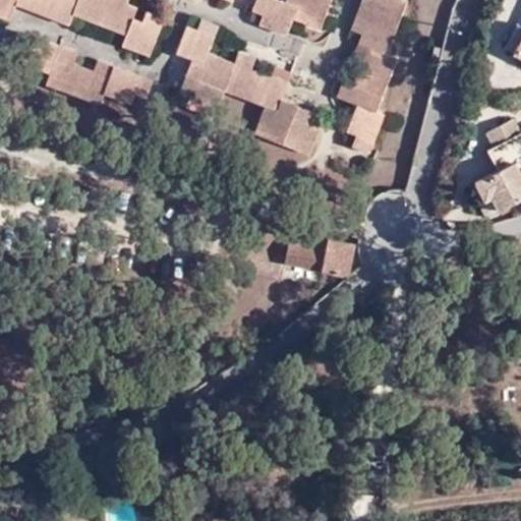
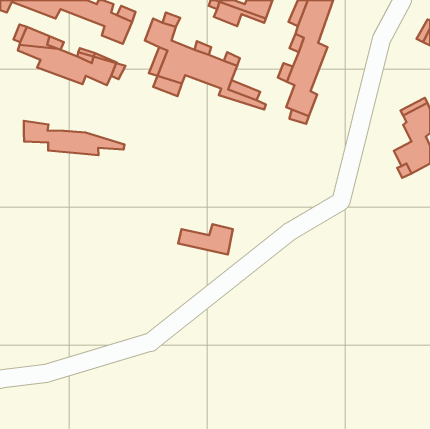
building: [258,117,320,155] -> none
building: none -> [24,121,124,155]
building: [285,240,351,277] -> [178,224,233,255]

